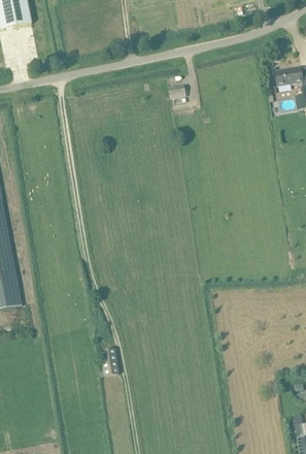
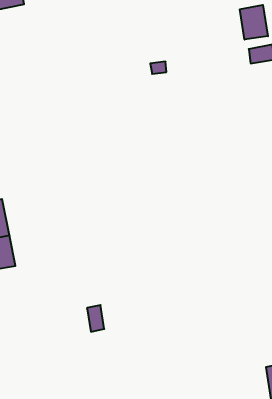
building: none -> [240,5,268,40]

